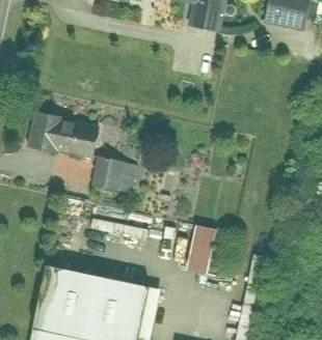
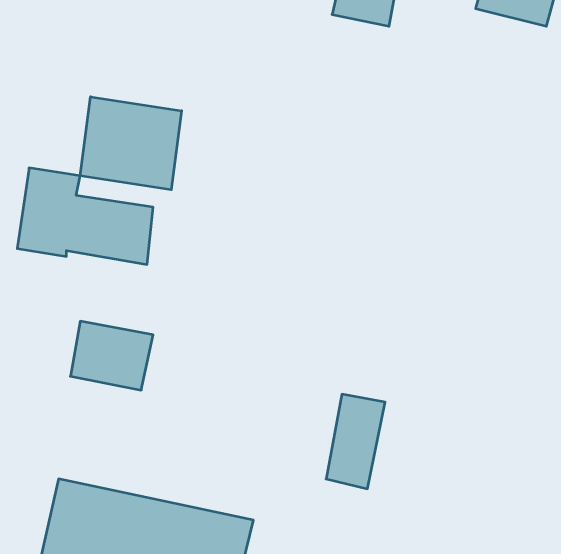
building: none -> [80,97,182,190]
building: [87,157,131,193] -> [70,321,153,390]

